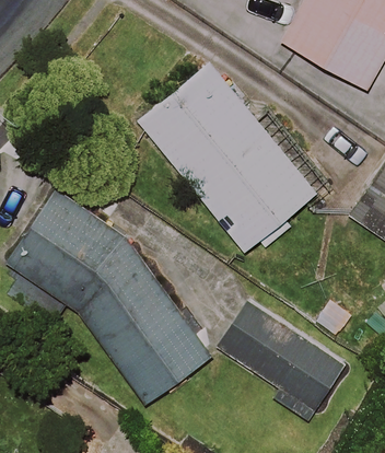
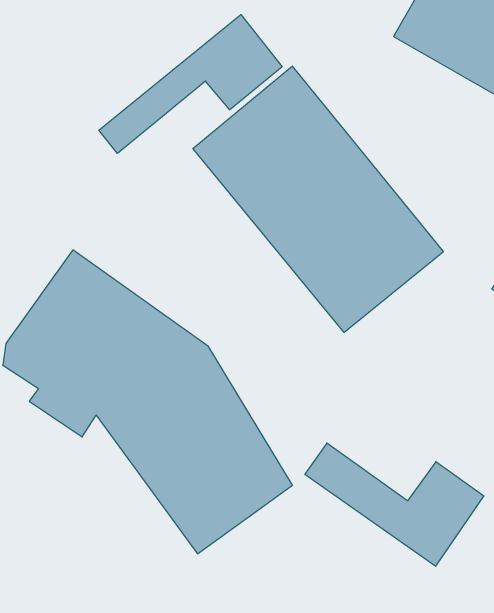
building: none -> [99,15,282,153]

